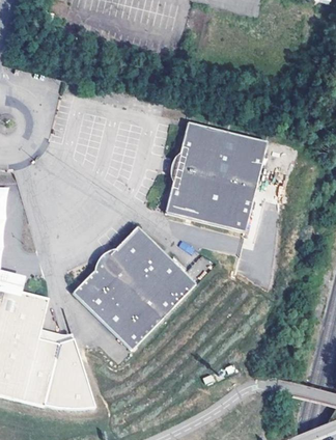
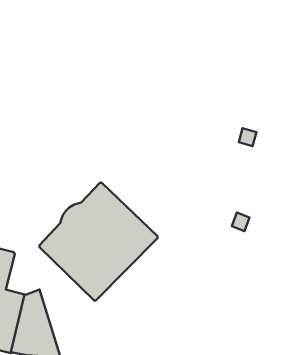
building: [165,120,268,231] -> none

